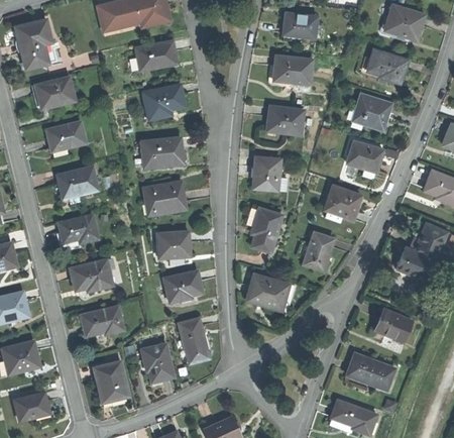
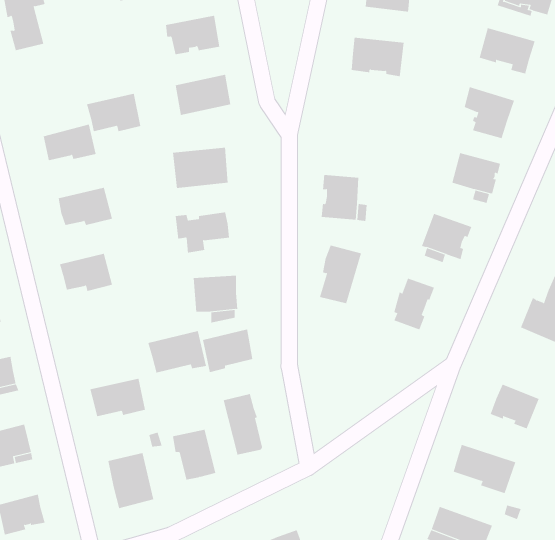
building: [34,75,75,103] -> [86,93,141,132]
building: [266,105,304,135] -> none
building: [69,258,112,290] -> [148,330,207,373]
building: [245,273,290,306] -> none

